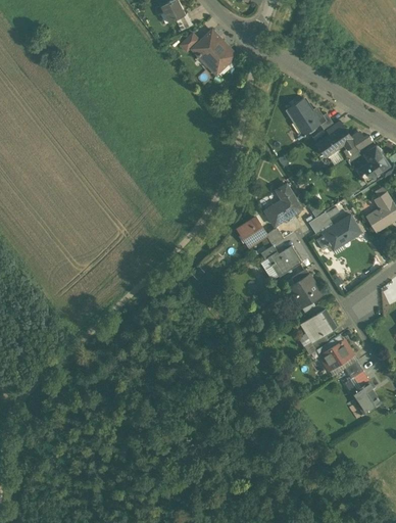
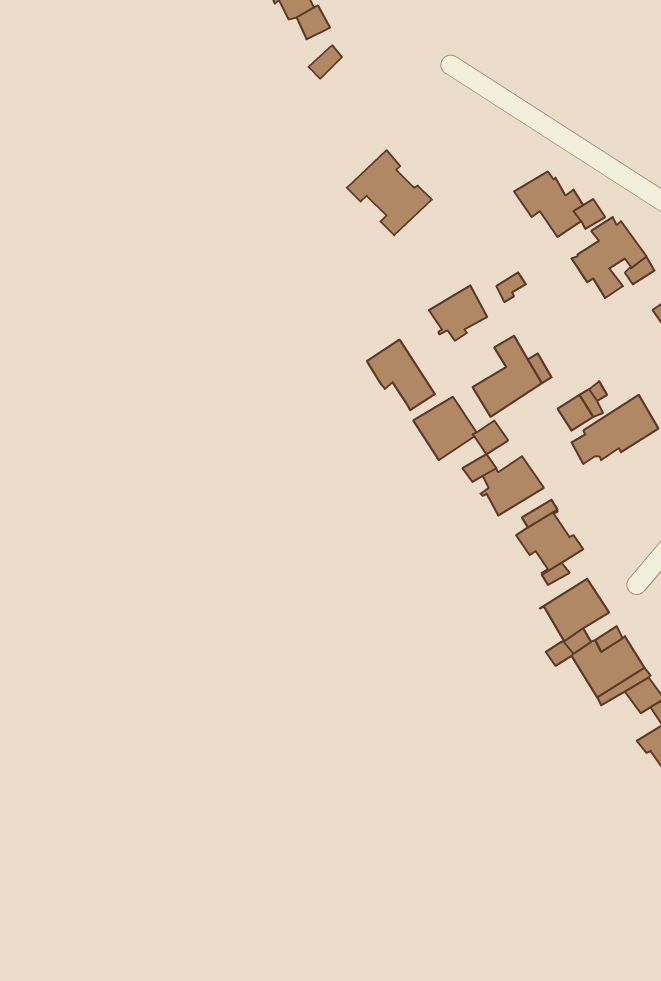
building: [192,30,236,74] -> [347,150,432,235]
building: none -> [429,285,487,341]
building: none -> [367,340,435,410]

